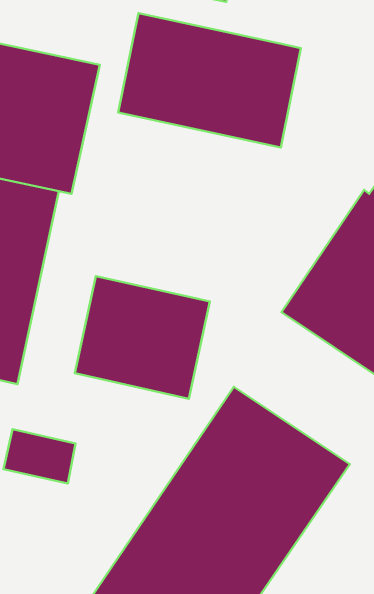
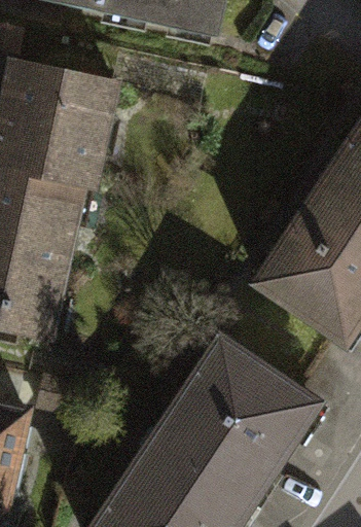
building: [118,13,301,147] -> none
building: [75,276,210,399] -> none

